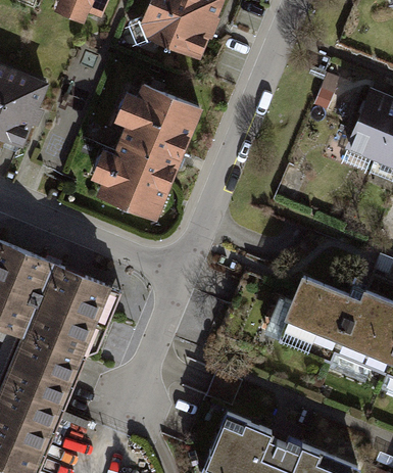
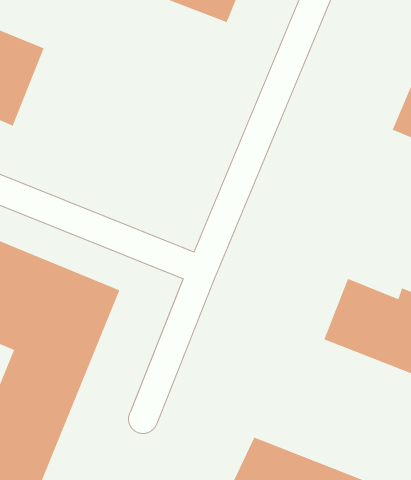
building: [90,85,200,220] -> none

